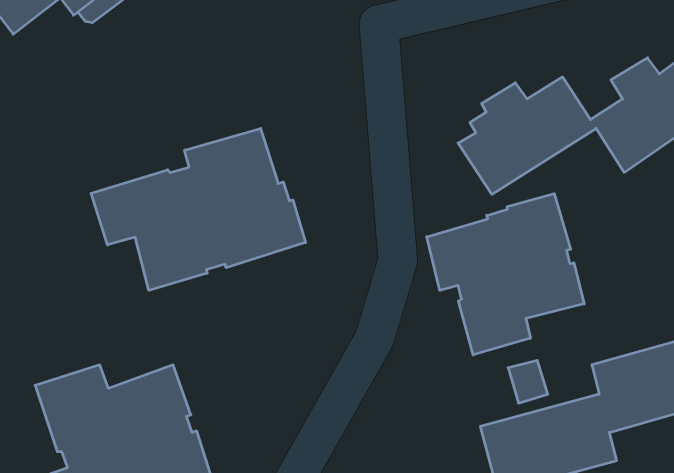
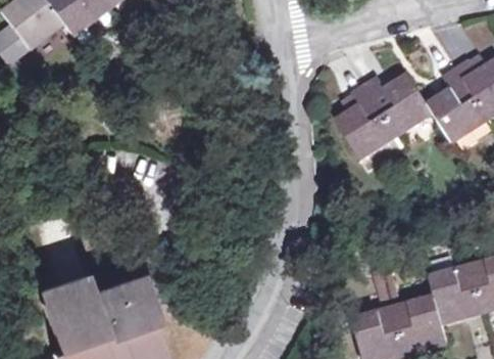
building: [91,128,306,290] -> none
building: [427,194,584,355] -> none

